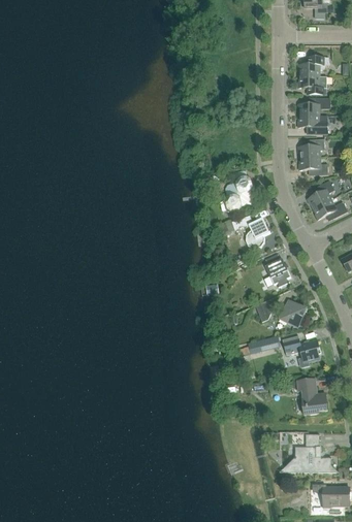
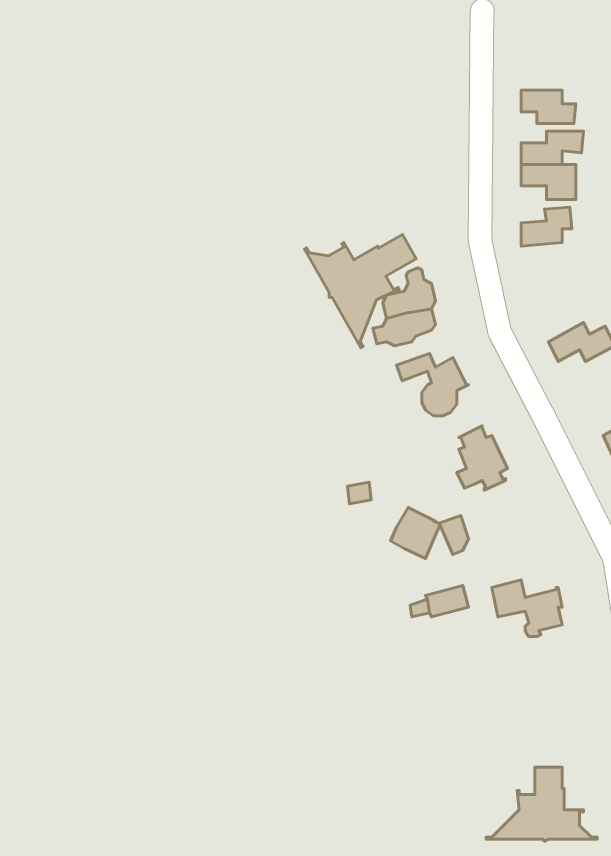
building: [298,57,329,76] -> none
building: none -> [304,234,416,348]
building: [298,157,328,175] -> none
building: [307,181,334,209] -> none
building: [280,300,306,327] -> [391,508,439,558]
building: [297,379,327,415] -> none

